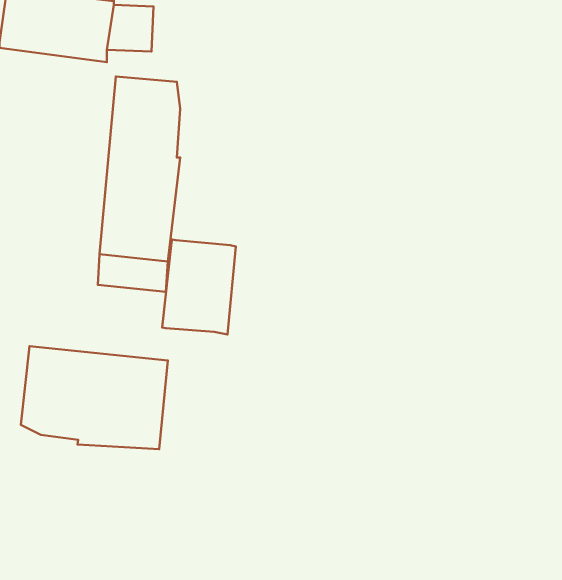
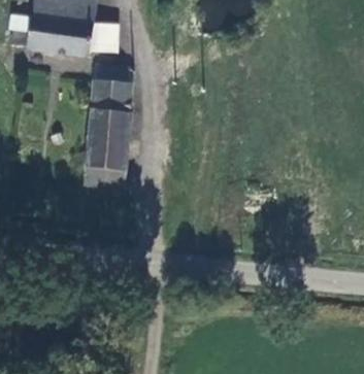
building: [162,240,236,335] -> none
building: [21,346,168,449] -> none

